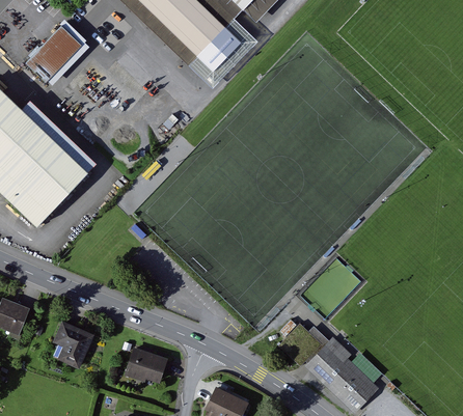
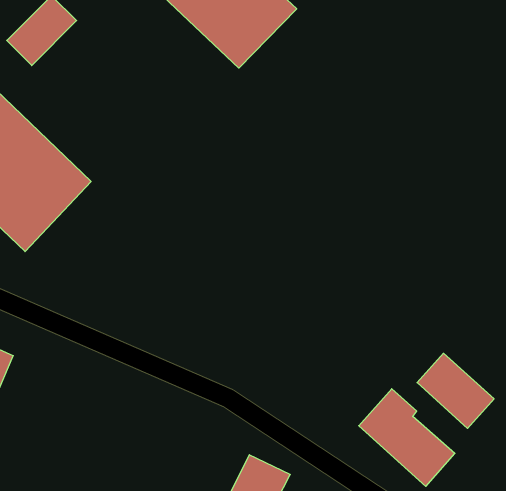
building: none -> [417,353,494,428]
building: [52,321,92,367] -> none
building: [125,346,169,383] -> none

